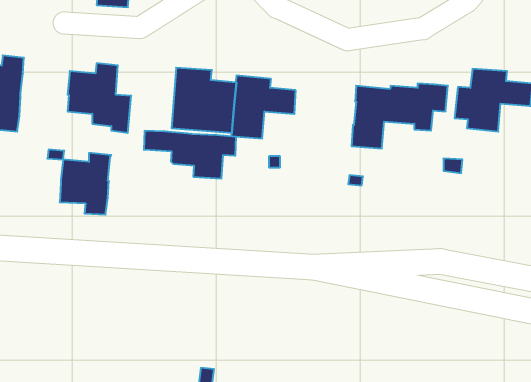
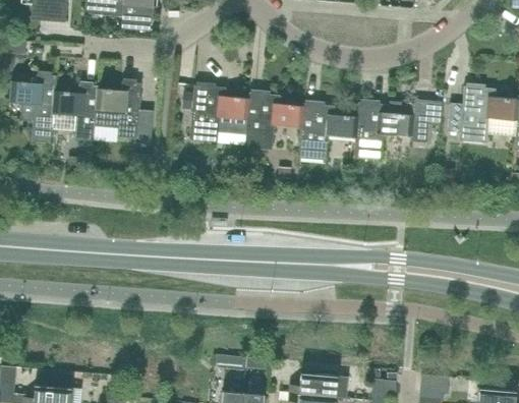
building: none -> [299,104,358,161]
building: [144,131,236,179] -> none
building: [60,153,111,215] -> [52,84,99,140]

